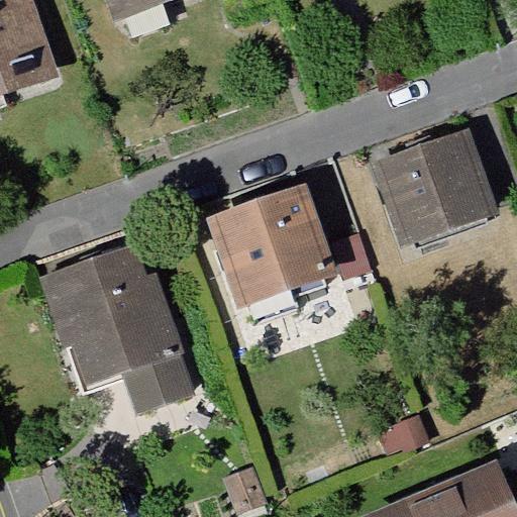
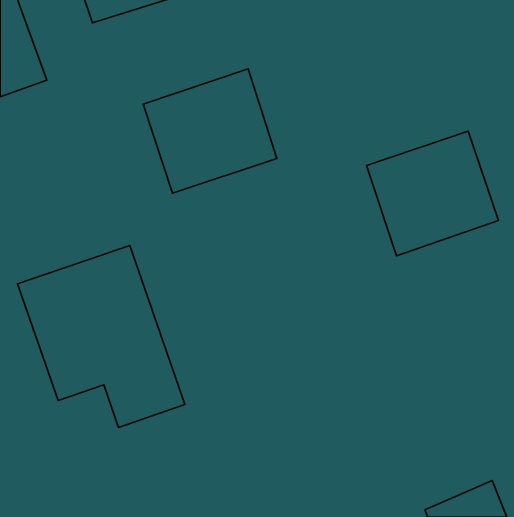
building: none -> [143,69,277,193]
building: [206,192,331,310] -> none

